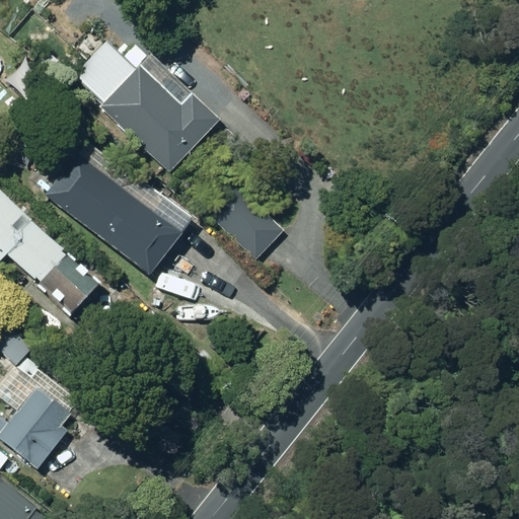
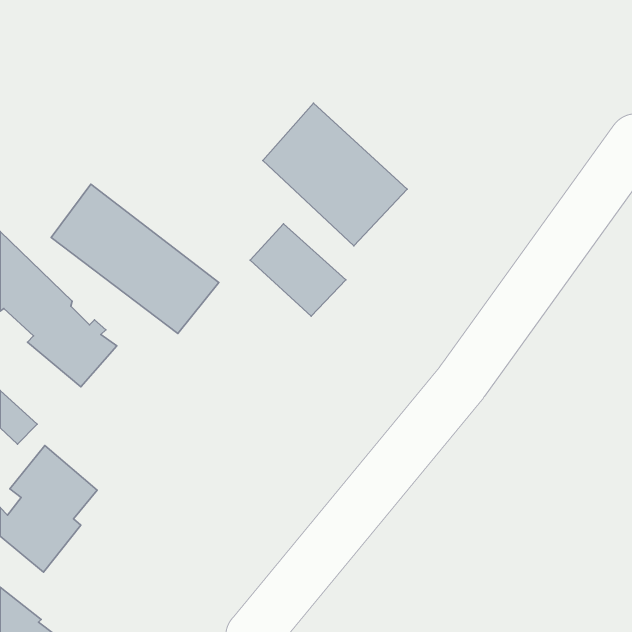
building: [74,40,221,172] -> none
building: none -> [263,103,407,246]

